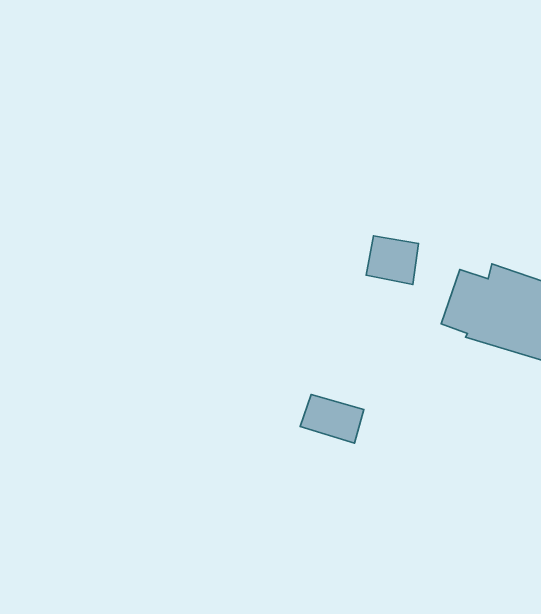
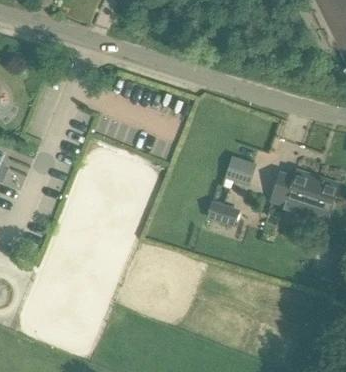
building: [300,394,364,443] -> [203,201,237,227]

